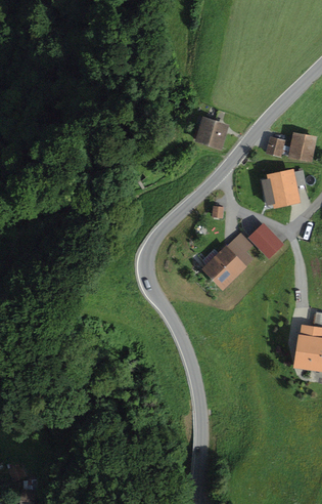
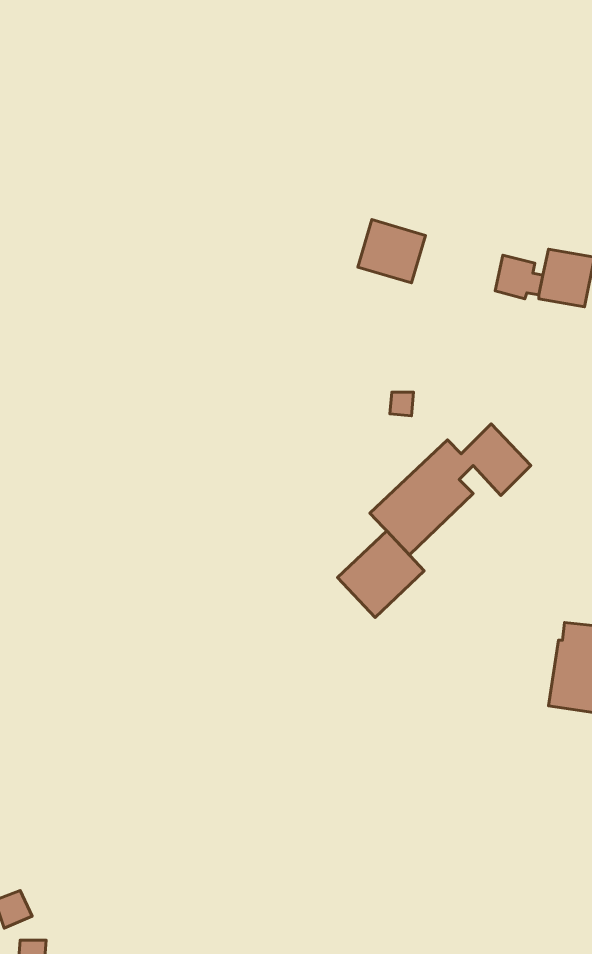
building: [260,168,301,209] -> none
building: none -> [338,531,424,617]

